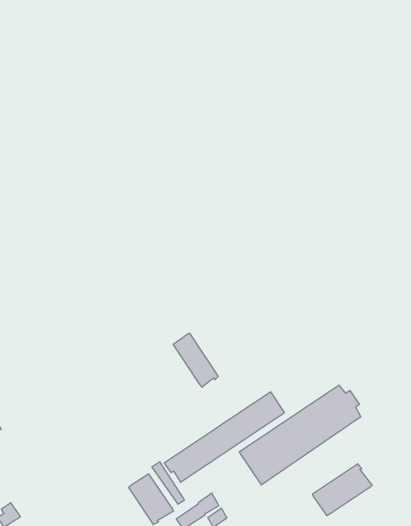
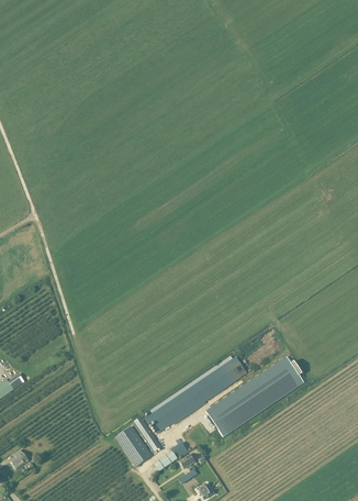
building: [173,333,218,387] -> none
building: [313,464,372,516] -> none

